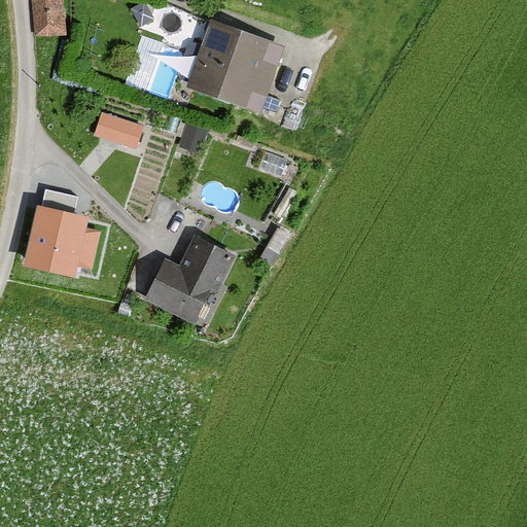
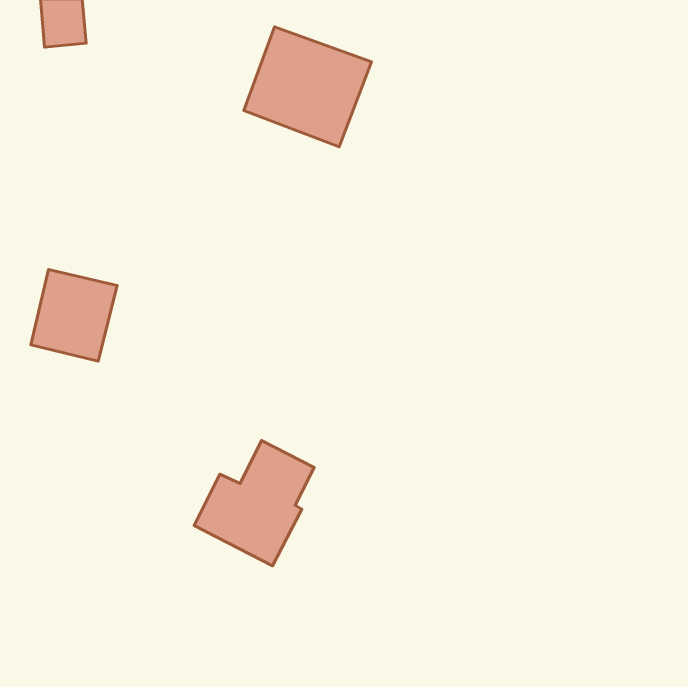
building: [95,112,145,147] -> none
building: [145,233,237,328] -> [194,440,314,566]

